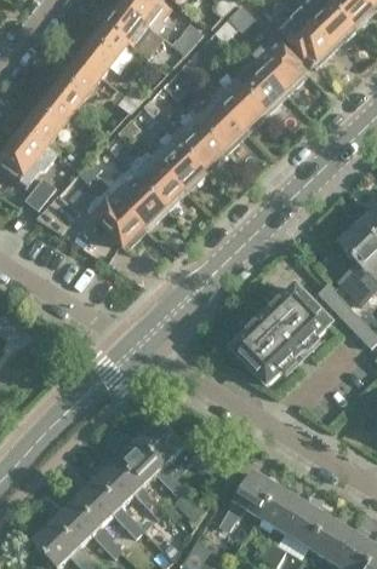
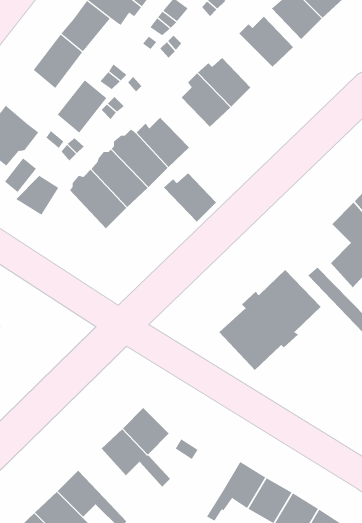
building: [235,58,284,110] -> none
building: [25,93,74,145] -> [57,79,107,133]
building: [171,120,223,168] -> [163,172,217,223]
building: [96,459,165,516] -> none

